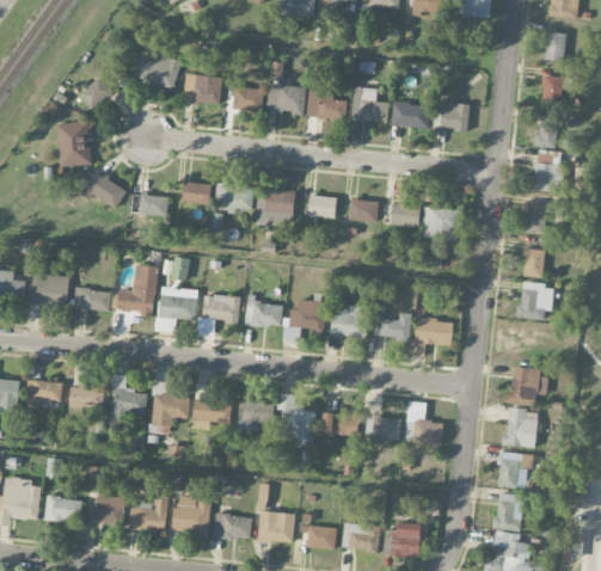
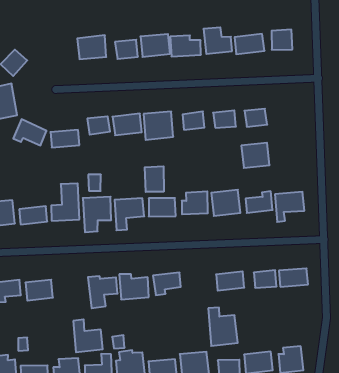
building: [134,51,183,88] -> none
building: [422,207,458,238] -> [241,143,270,168]
building: none -> [145,166,164,192]
building: [110,374,147,417] -> [73,319,103,352]
building: [278,393,315,444] -> [208,308,238,346]

